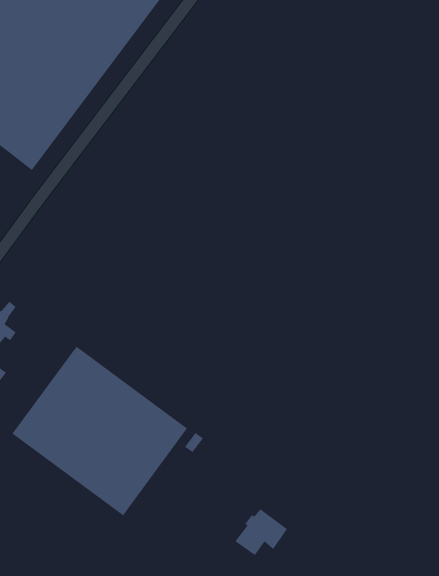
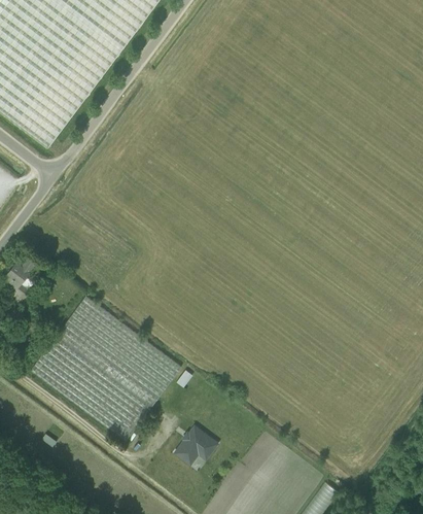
building: [234,508,288,556] -> [173,424,218,465]

